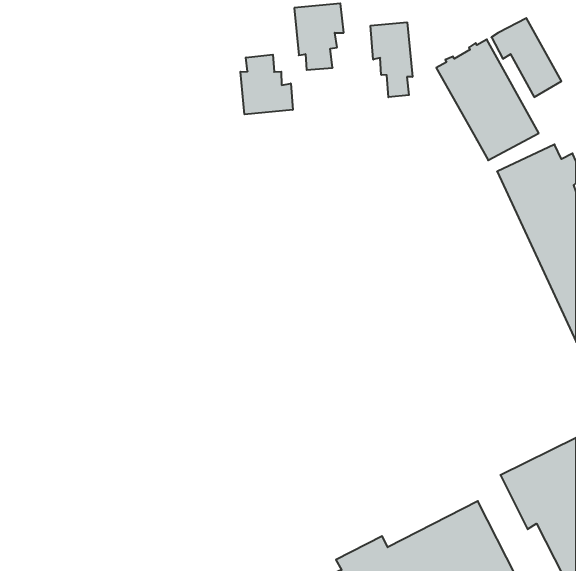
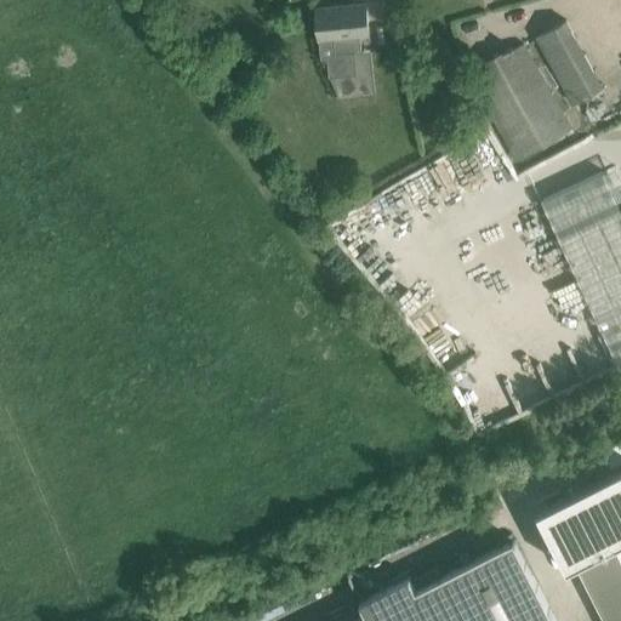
building: [371,22,412,97] -> none
building: [240,55,293,114] -> none

